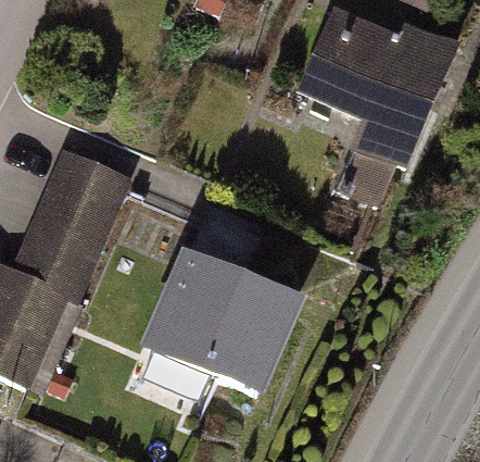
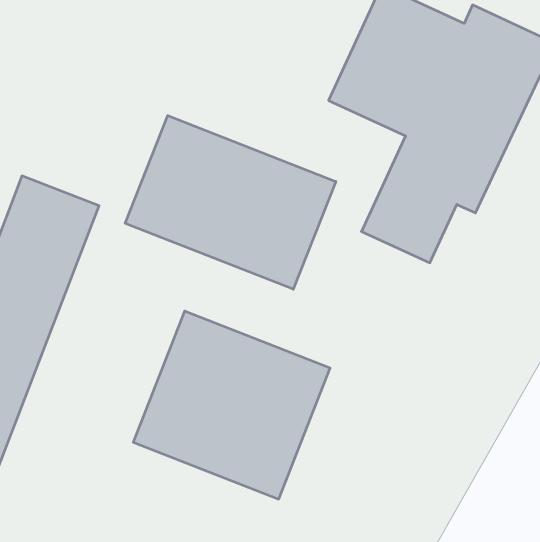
building: none -> [125,116,336,289]

